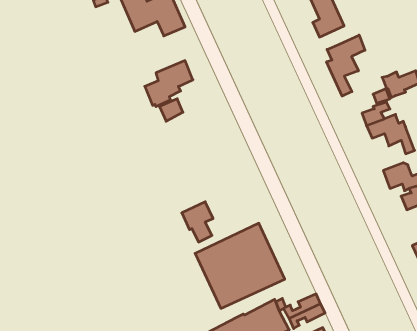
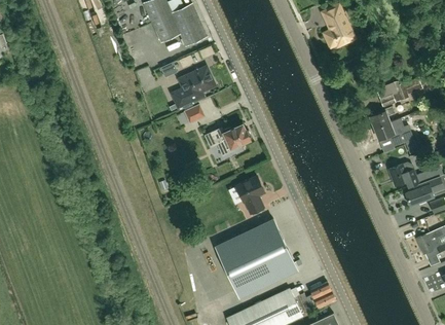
building: [327,35,365,96] -> none
building: none -> [210,123,251,156]
building: [182,202,213,242] -> [235,177,264,214]

